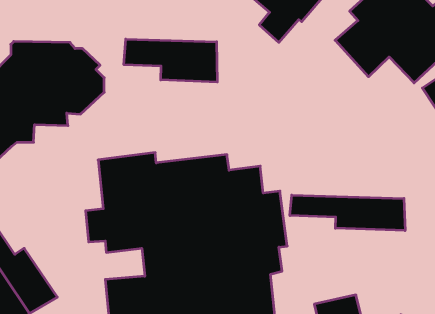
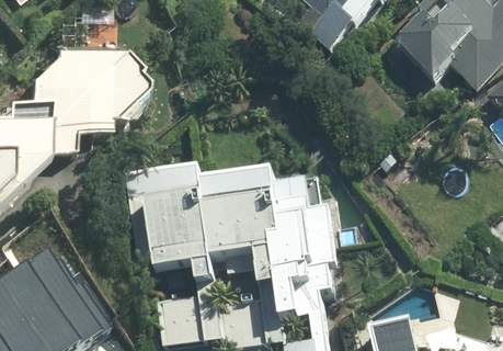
building: [124,39,217,82] -> none
building: [290,195,405,231] -> none

